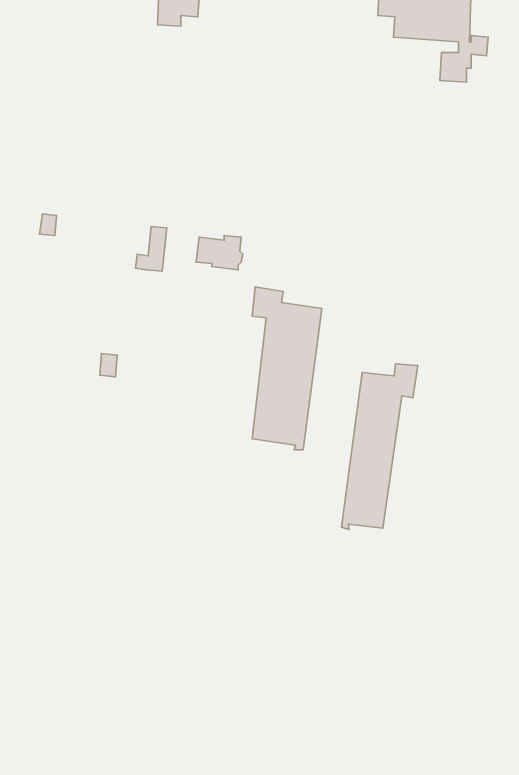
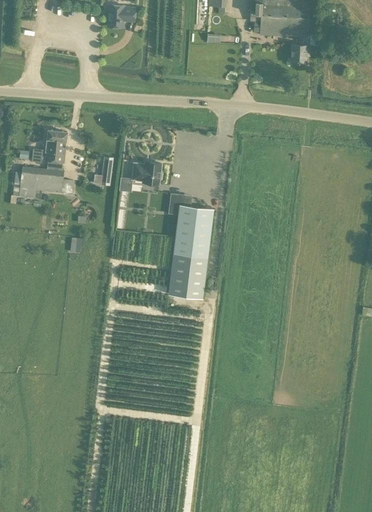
building: none -> [43,129,66,163]
building: none -> [14,166,73,197]
building: [342,364,418,529] -> none

